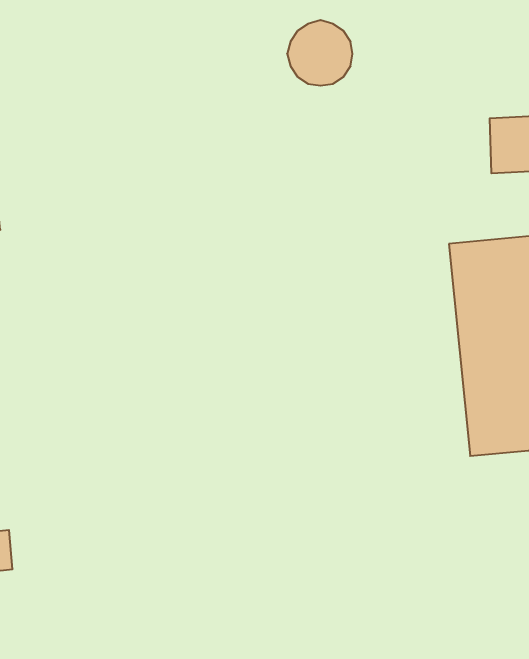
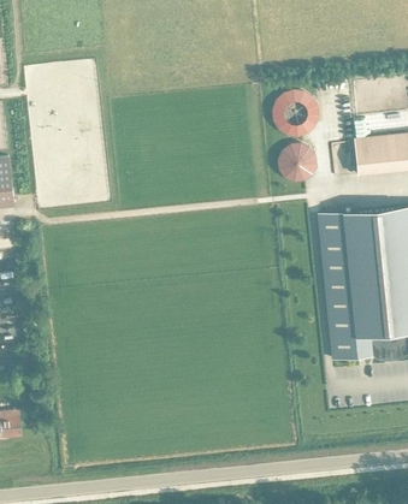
building: [287,20,352,86] -> [273,91,318,136]
building: none -> [279,144,317,182]

